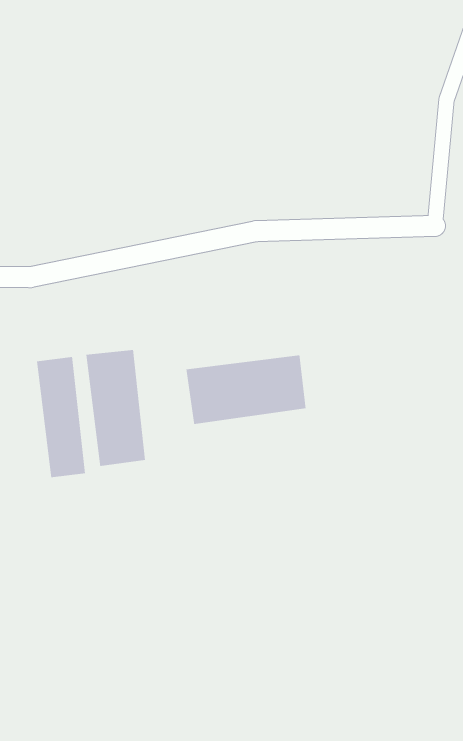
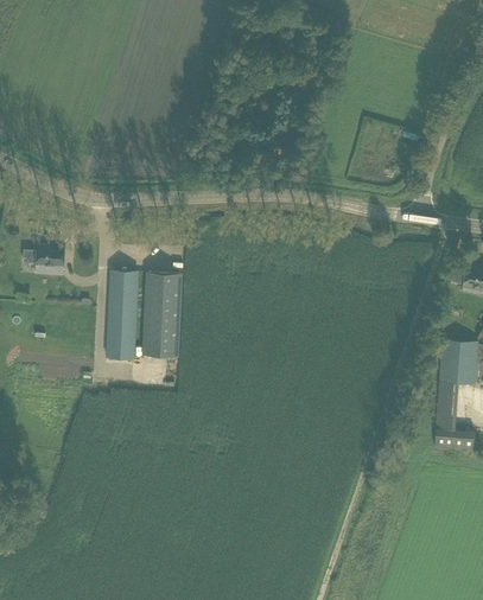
building: [186,355,306,425] -> none

